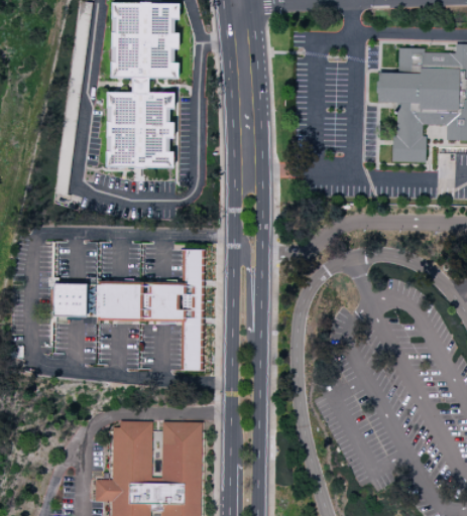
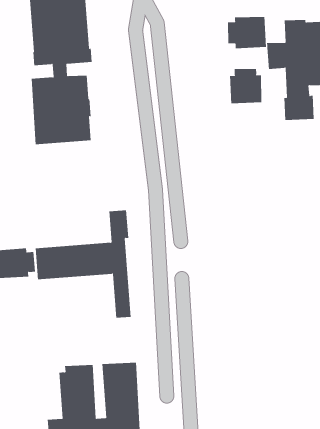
building: none -> [227,16,266,49]
building: none -> [229,68,262,104]

